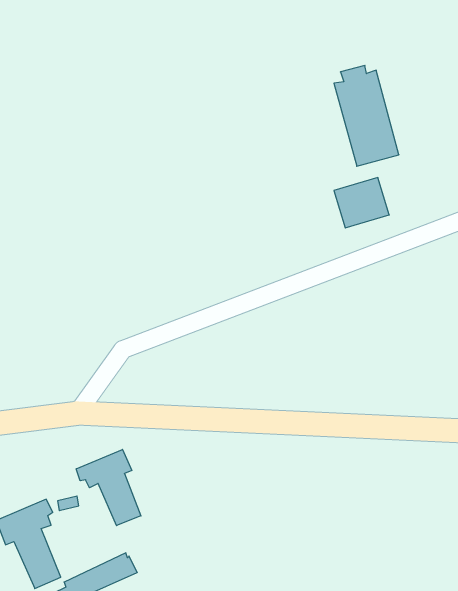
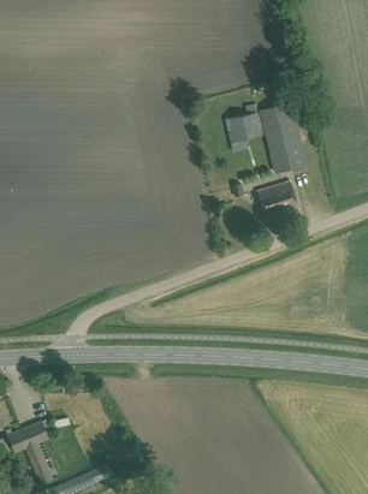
building: none -> [225,105,263,143]
building: [76,449,141,526] -> none

